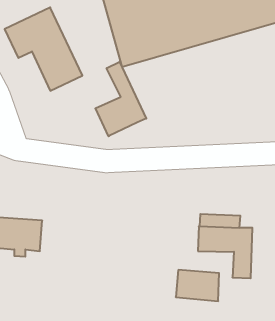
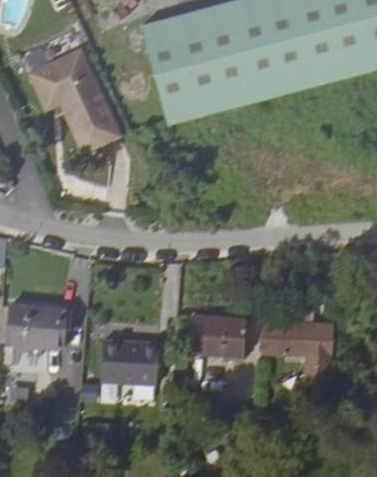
building: [95,62,146,136] -> none
building: none -> [86,338,152,382]
building: [176,270,219,301] -> [188,321,243,361]

